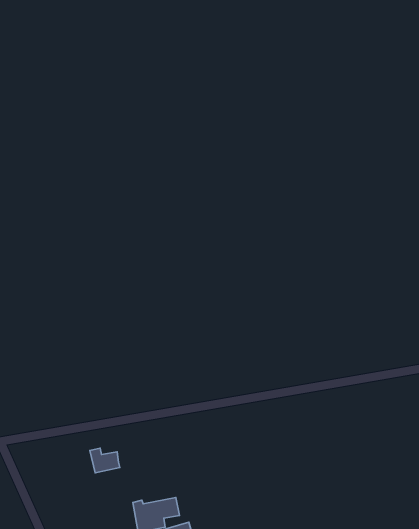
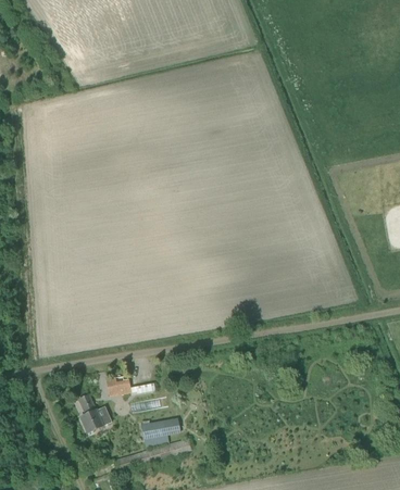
building: none -> [78,394,111,432]

